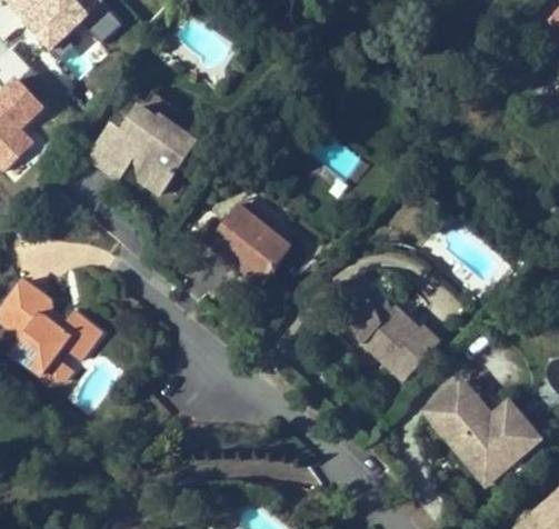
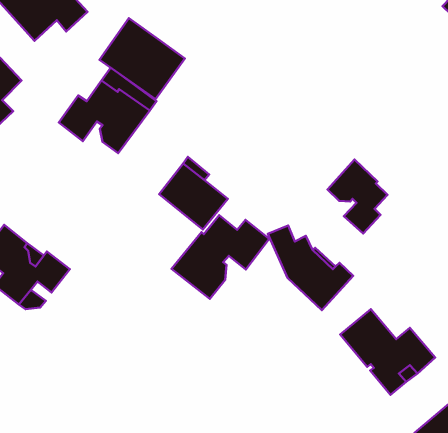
building: none -> [100,18,185,99]
building: none -> [327,160,388,233]
building: none -> [171,215,269,299]

